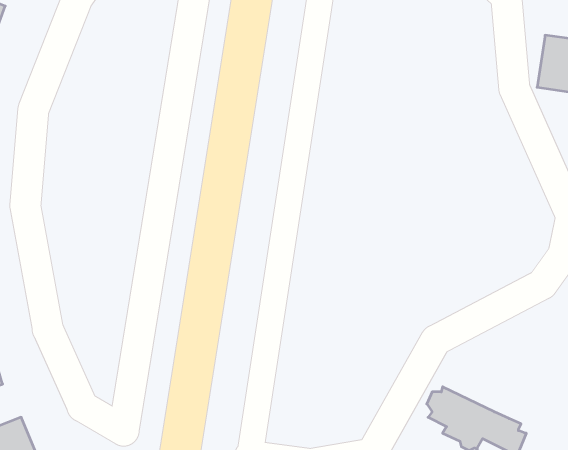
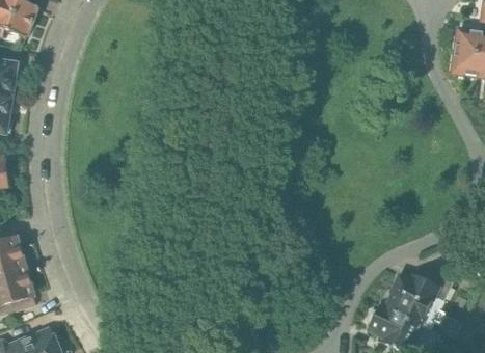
building: none -> [379,272,453,323]

